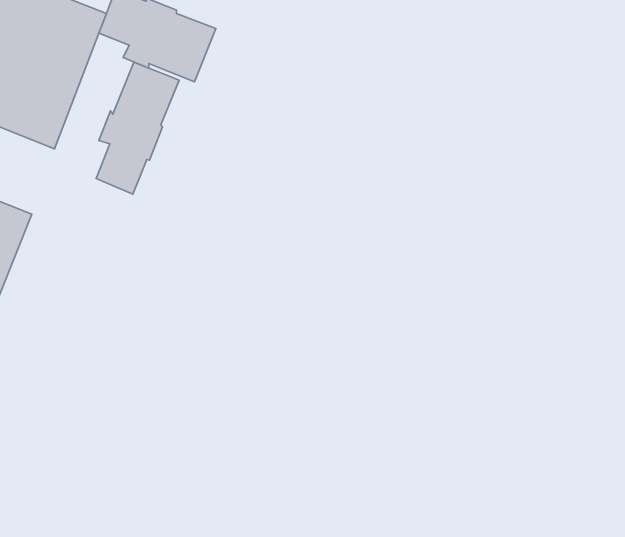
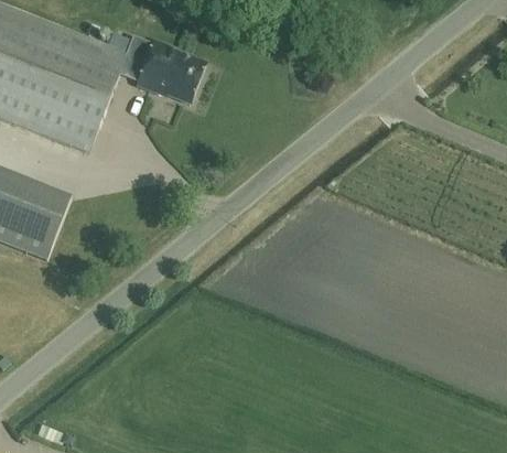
building: [96,62,179,194] -> none

